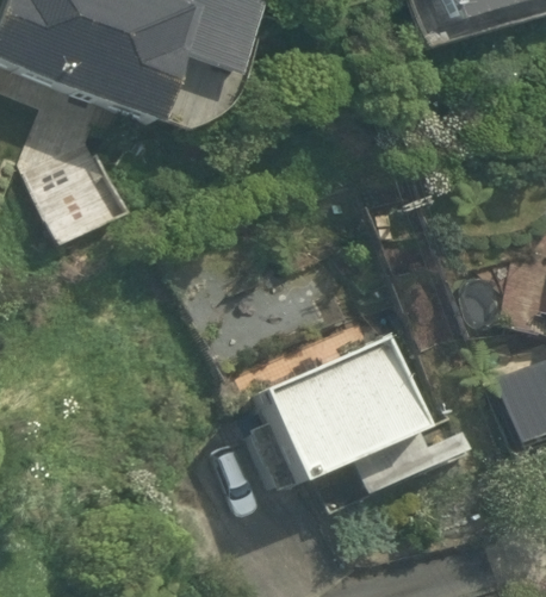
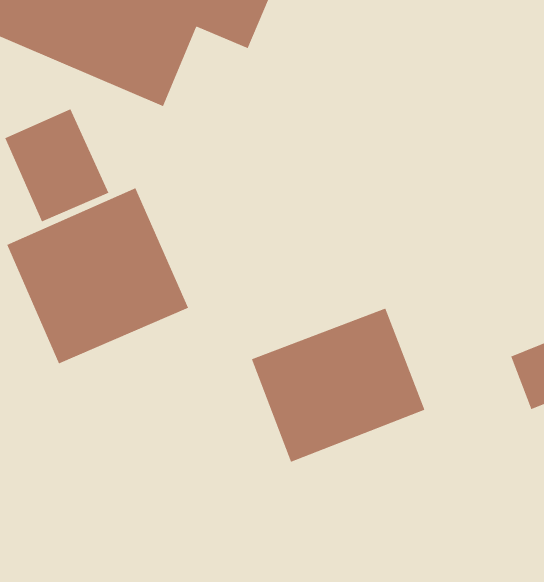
building: none -> [6,187,189,364]

